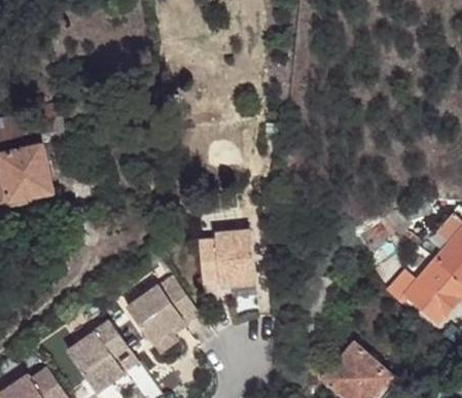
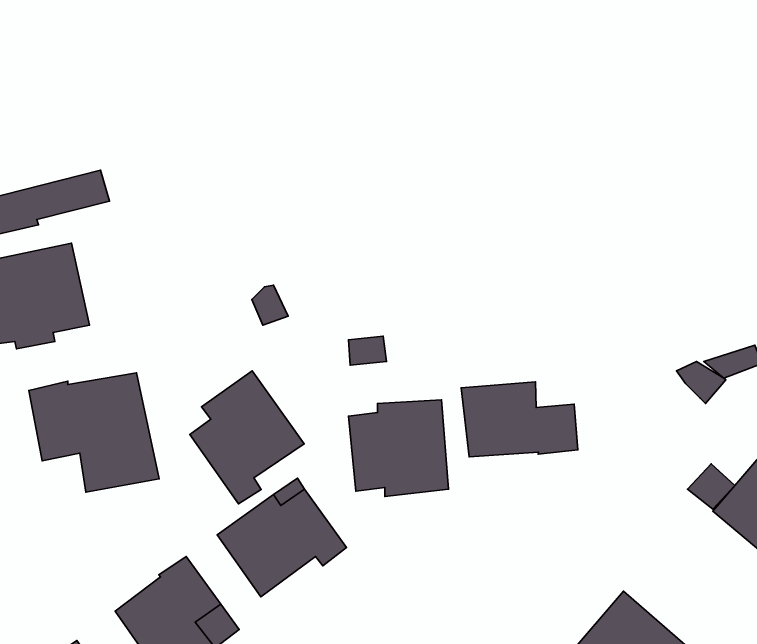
building: none -> [190,371,304,504]
building: none -> [29,373,159,492]
building: none -> [461,382,578,457]

